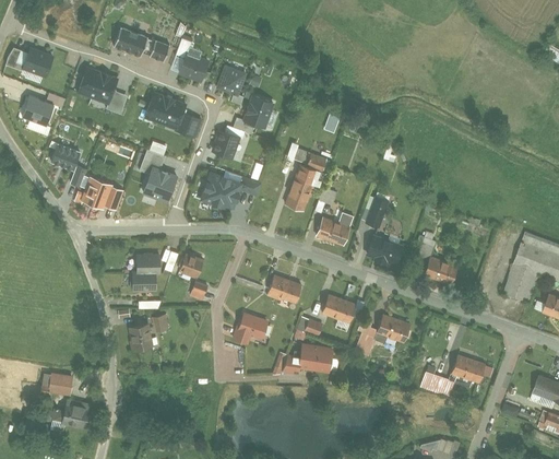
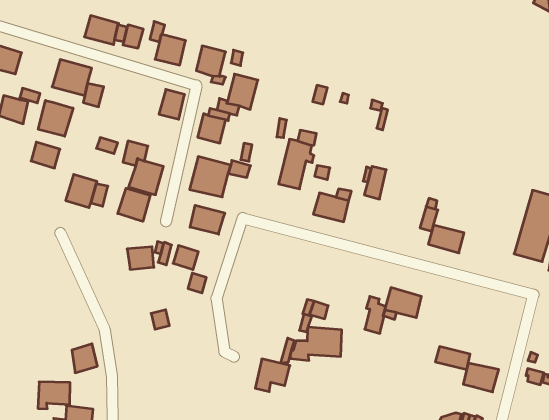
building: [141,86,188,128] -> none
building: none -> [38,100,73,136]
building: none -> [118,188,150,221]
building: none -> [190,205,225,234]
building: [366,234,404,267] -> none
building: [130,273,155,292] -> none
building: [266,274,302,304] -> none
building: [321,294,356,323] -> none
building: [234,313,269,344] -> [255,359,290,392]
building: [130,325,153,351] -> [72,344,97,373]
building: [451,354,486,384] -> [463,363,499,392]

